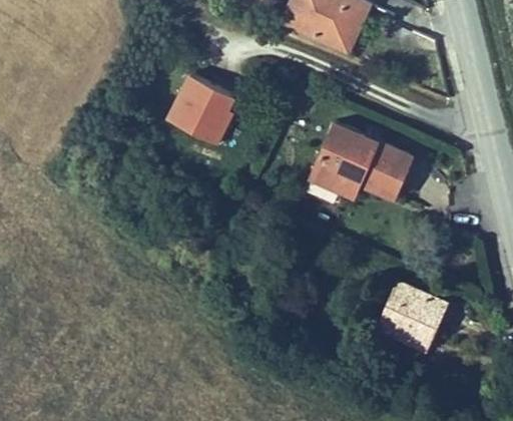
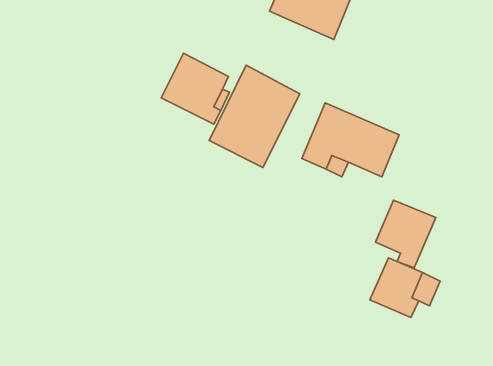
building: none -> [209,65,300,168]
building: none -> [375,200,436,268]

